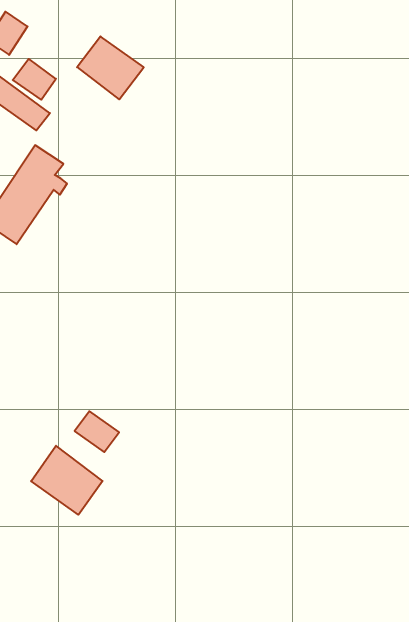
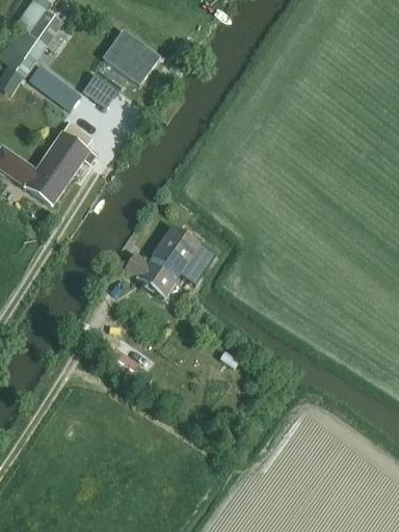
building: [13,59,56,100] -> [81,70,117,104]
building: none -> [124,225,211,298]
building: [31,446,103,515] -> none

